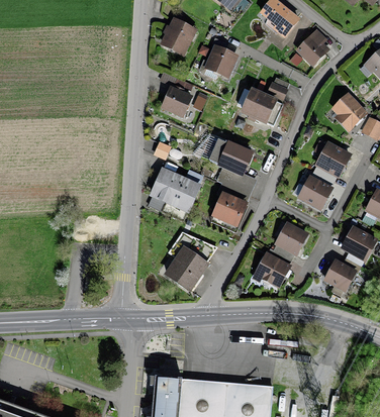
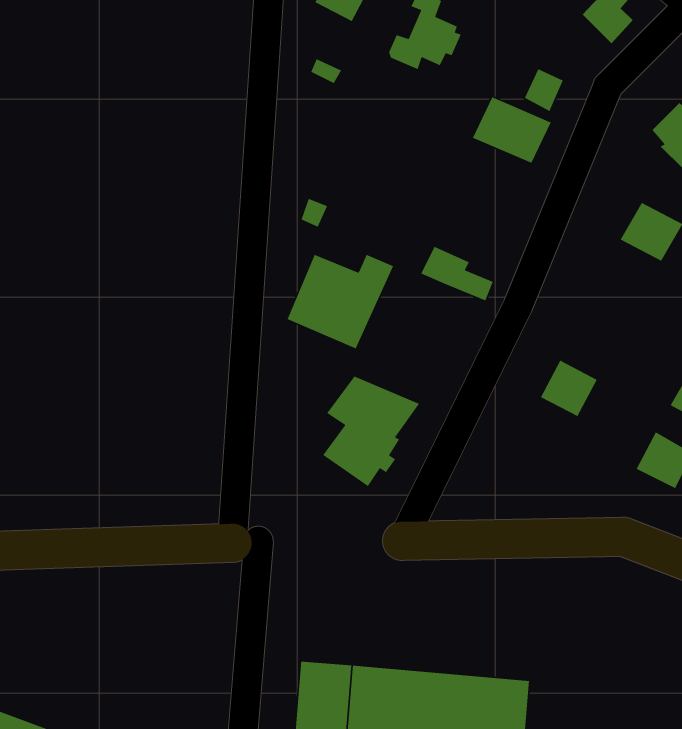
building: [162,88,190,116] -> none
building: [207,138,251,175] -> none
building: [298,177,330,208] -> none
building: [213,186,249,225] -> none
building: [256,254,288,286] -> none

